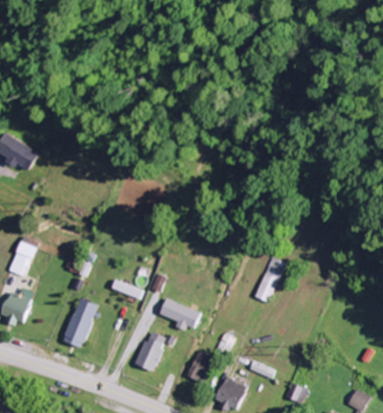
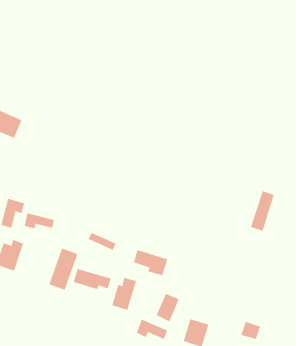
building: [252,256,280,303] -> [250,191,275,232]
building: none -> [24,213,54,229]
building: none -> [73,268,112,290]
building: none -> [136,319,168,340]

